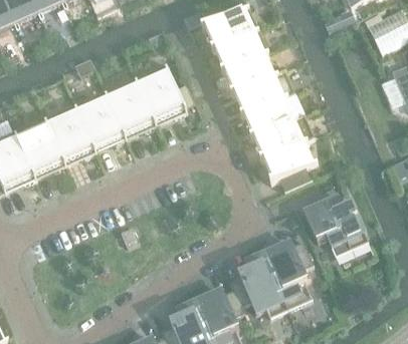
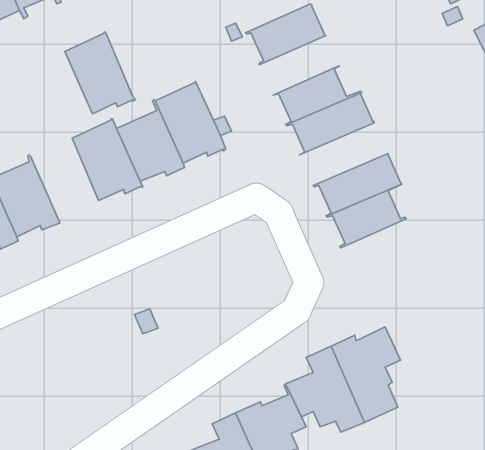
building: [210,27,267,70] -> none
building: [239,90,303,135] -> none
building: [44,100,95,159] -> [65,32,135,114]
building: [303,193,367,246] -> none

